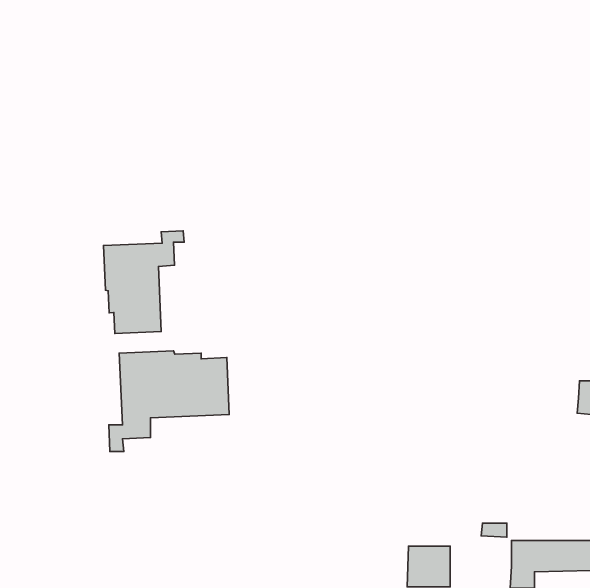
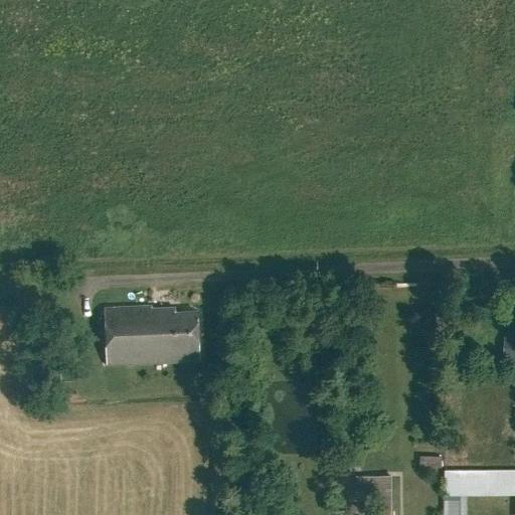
building: [104,231,184,334] -> none

